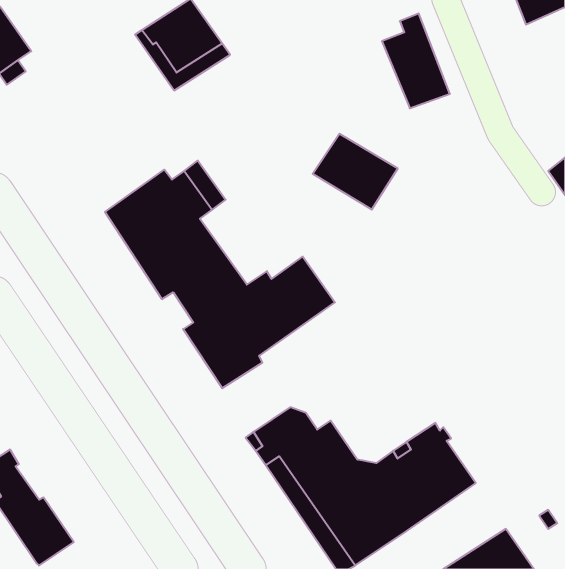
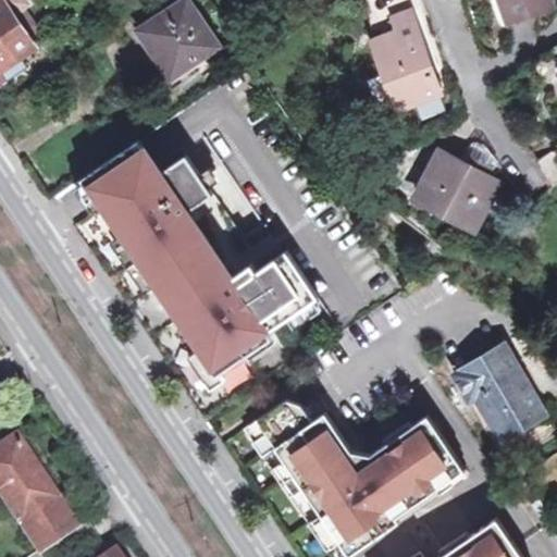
building: [313,134,398,210] -> [414,151,497,225]
building: none -> [83,138,160,207]
building: none -> [442,342,544,449]

